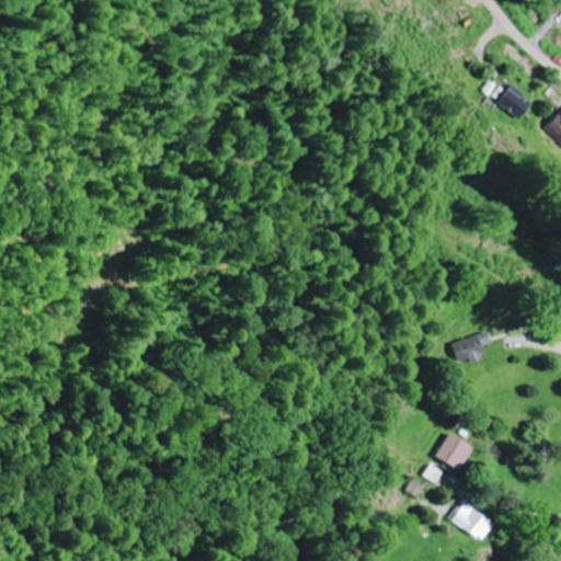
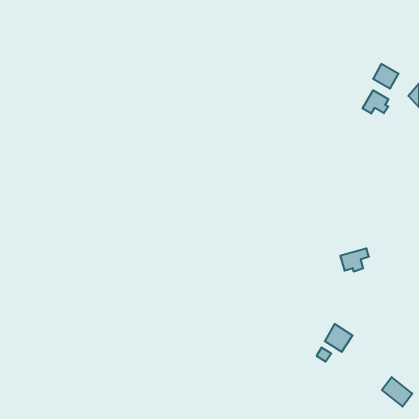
building: none -> [363,90,388,114]
building: [450,502,491,541] -> [382,377,412,407]

